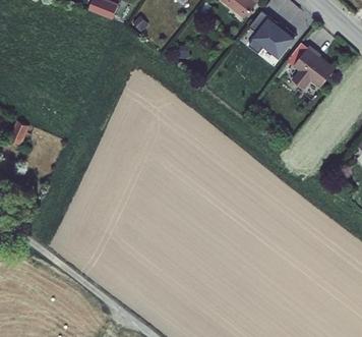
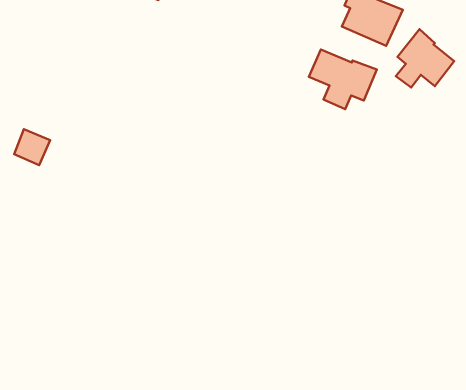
building: none -> [309,49,377,109]

